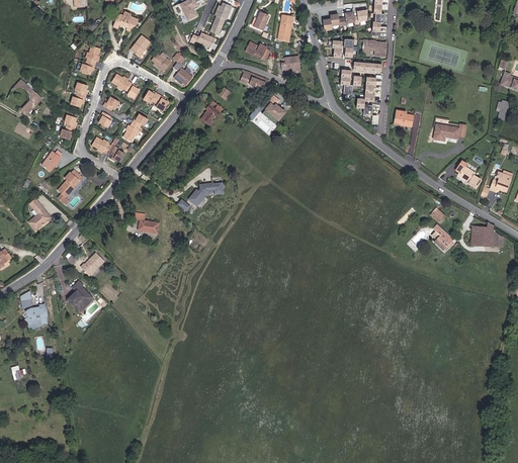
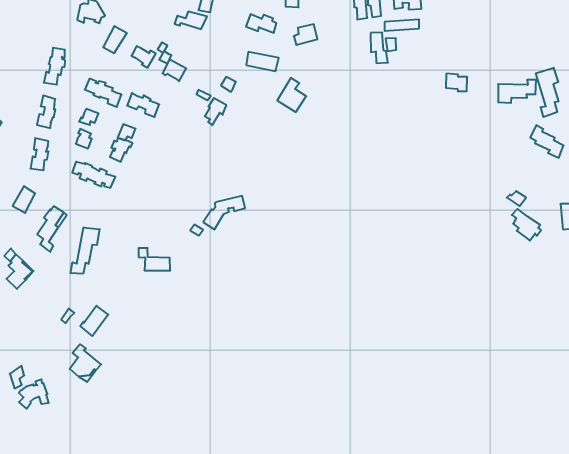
building: [356,78,376,115] -> none
building: none -> [536,68,558,117]
building: none -> [70,227,100,274]

